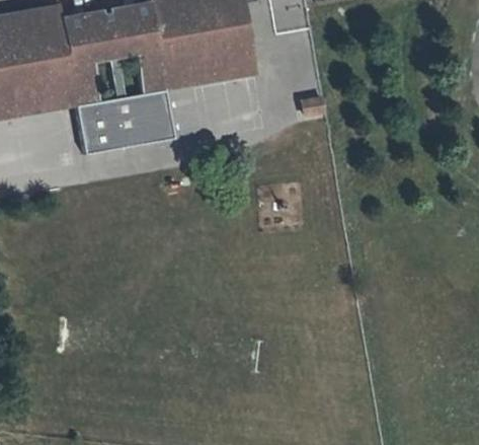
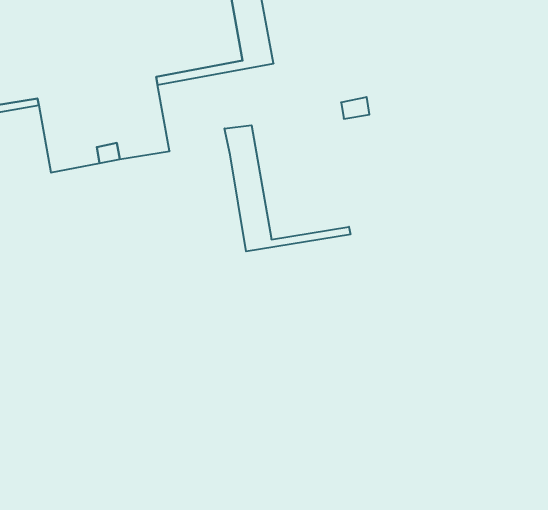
building: none -> [225,125,350,251]

